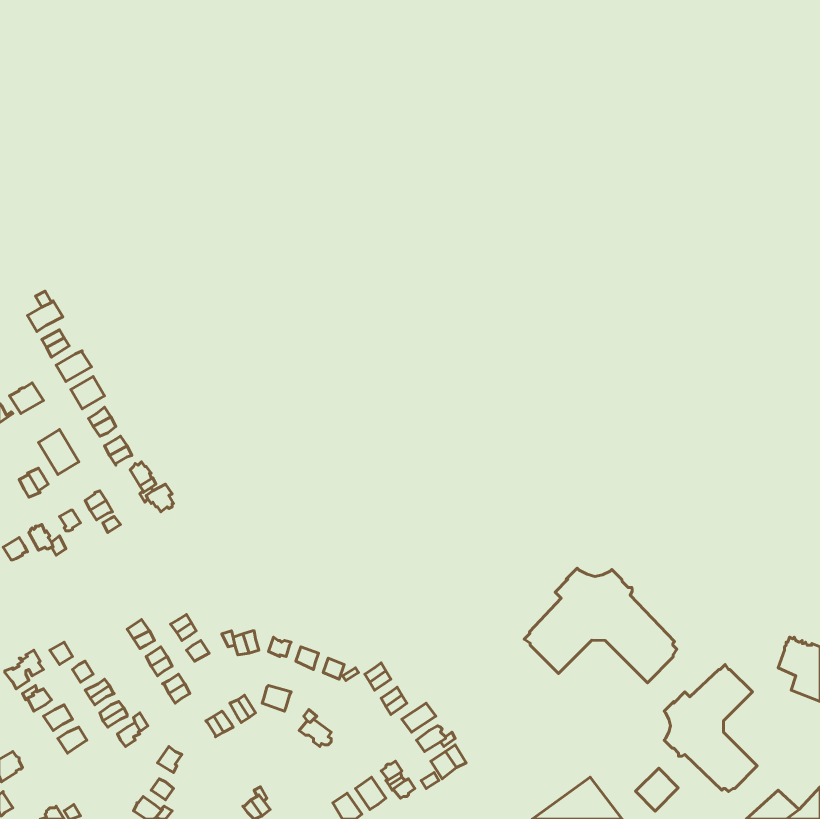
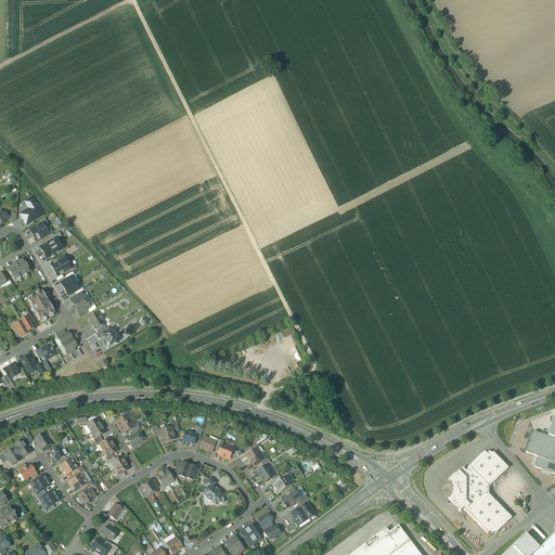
building: [524,568,677,683] -> none
building: [636,768,678,811] -> none

